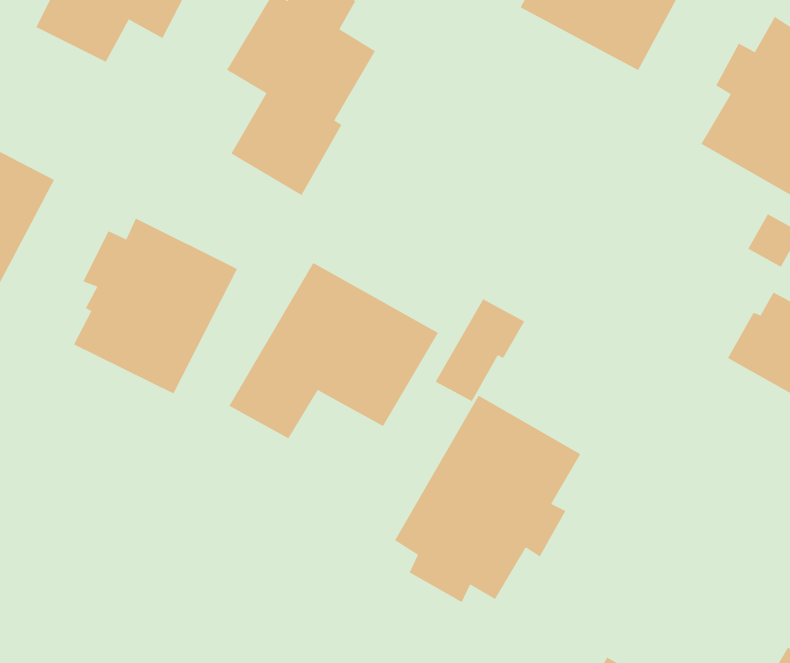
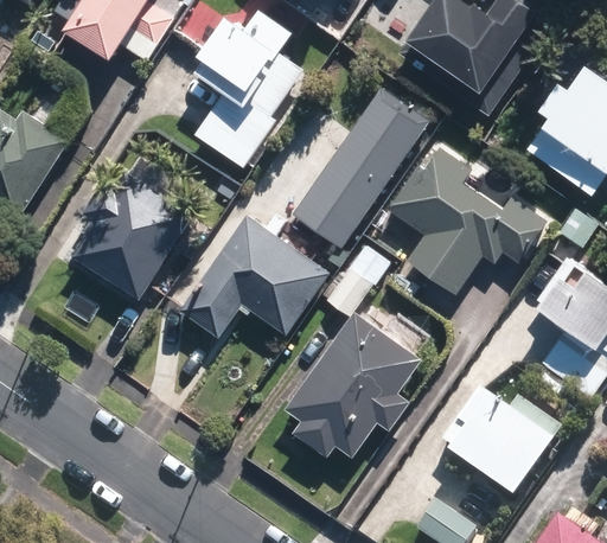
building: none -> [294,92,428,250]
building: none -> [386,151,548,298]
building: none -> [437,385,557,496]

